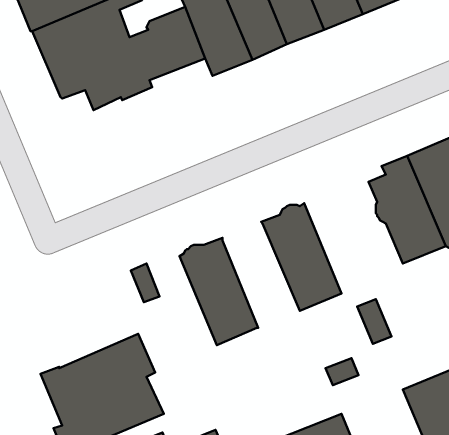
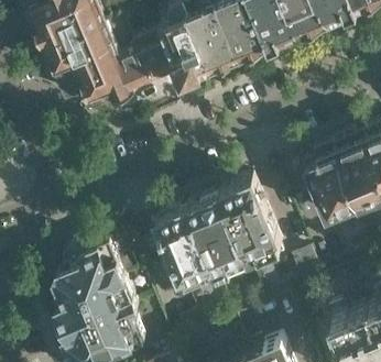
building: none -> [189,196,250,278]
building: none -> [54,241,124,307]

